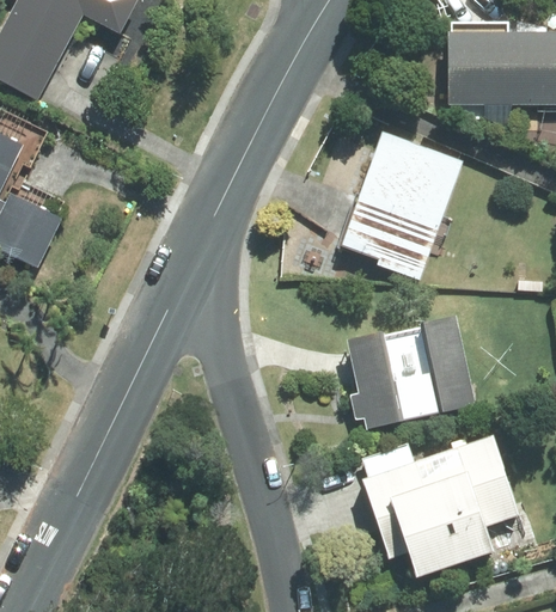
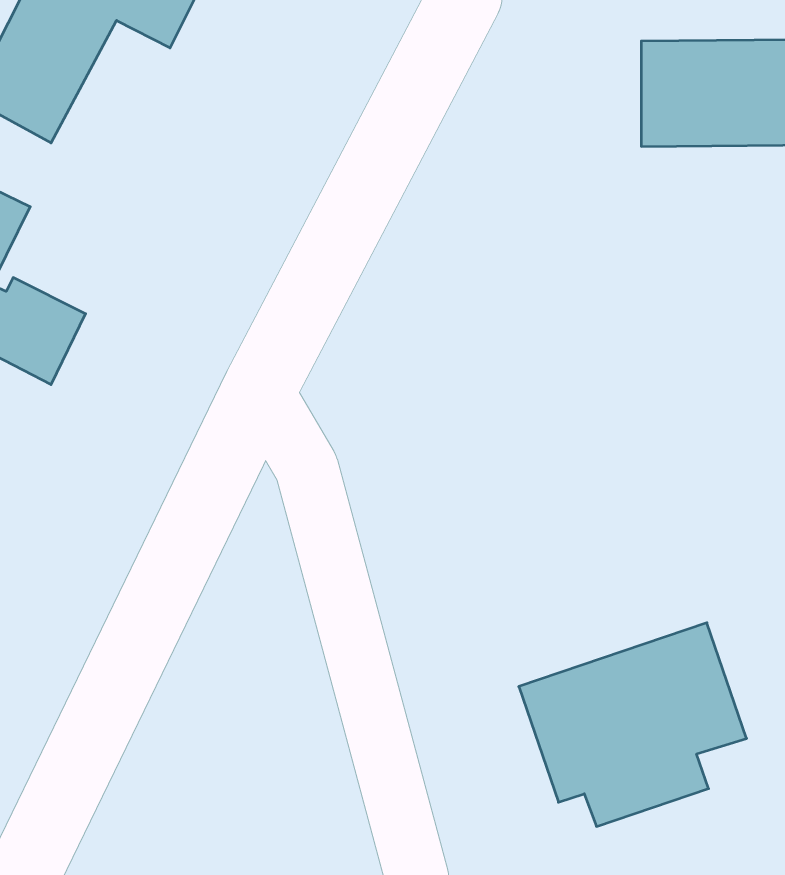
building: [341,130,460,277] -> none
building: [346,314,475,428] -> none

